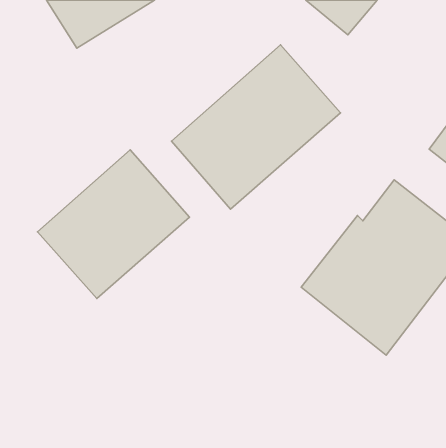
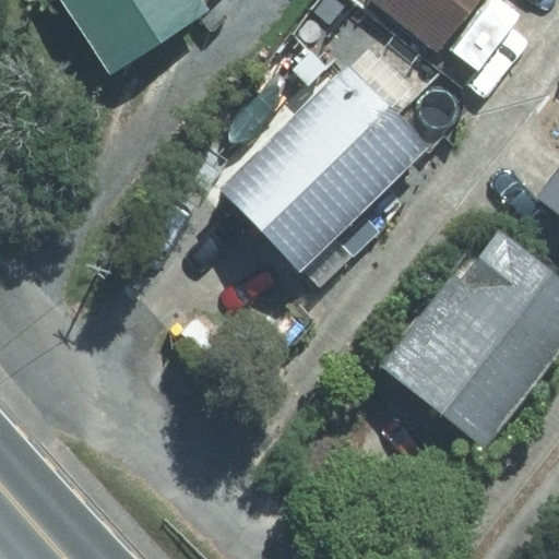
building: [37,150,189,299] -> none

